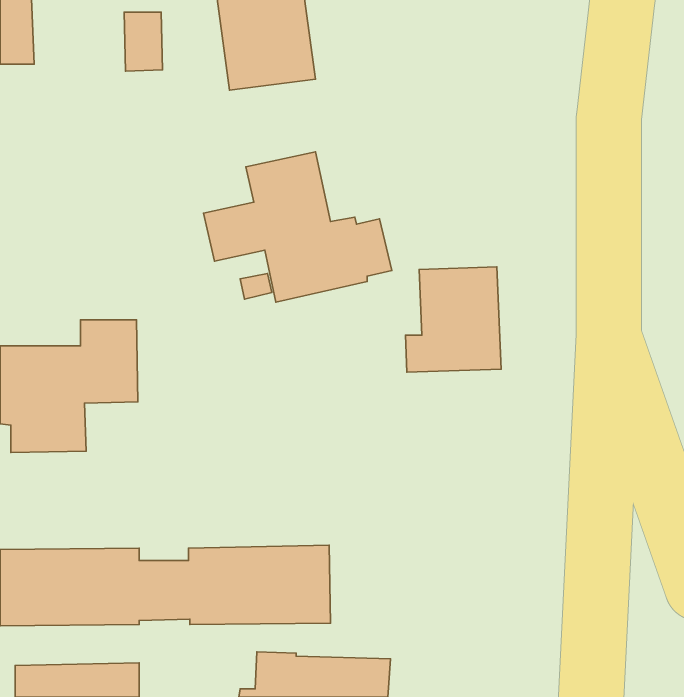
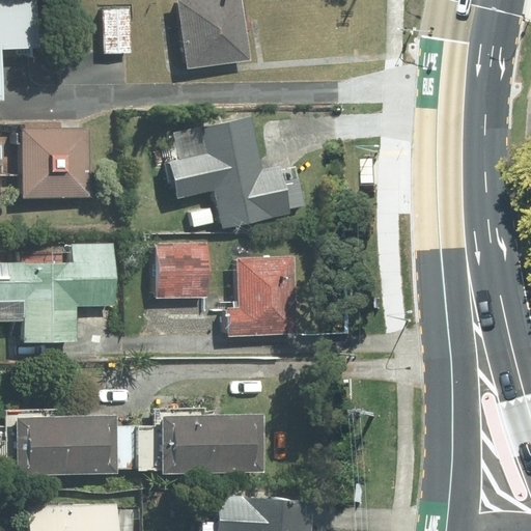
building: none -> [18,127,90,199]
building: [405,267,501,372] -> [224,256,297,336]
building: none -> [153,243,208,297]

